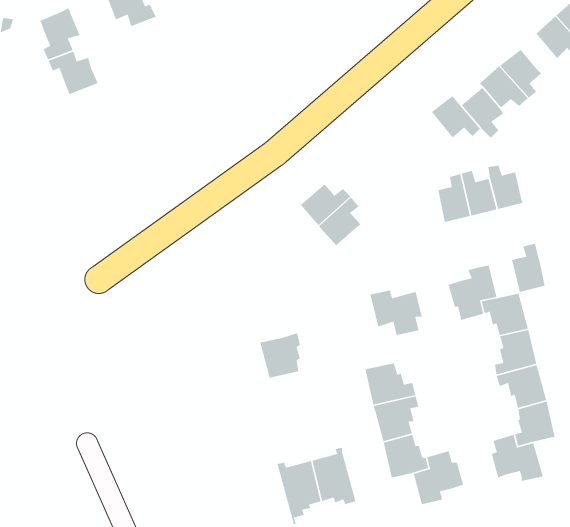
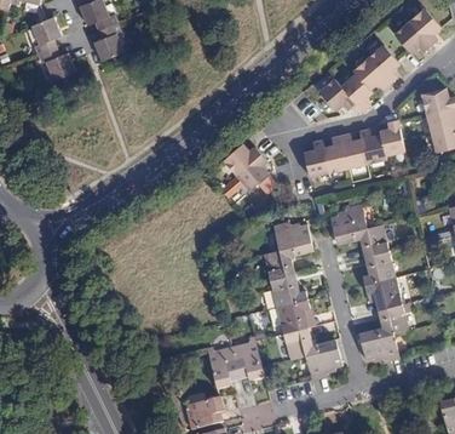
building: none -> [96,22,125,59]
building: none -> [303,141,328,176]
building: [511,243,546,293] -> [379,119,404,155]
building: [259,332,301,379] -> [263,245,293,279]

